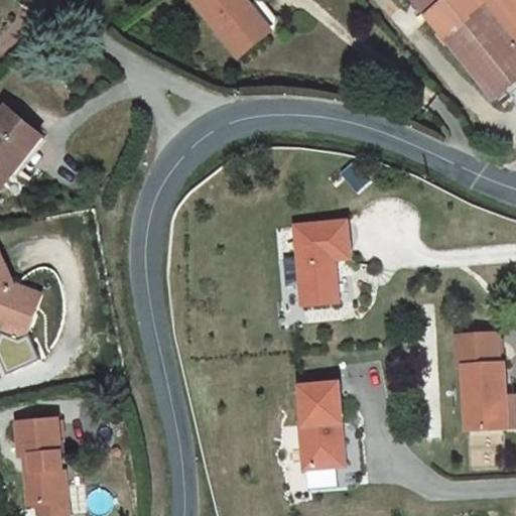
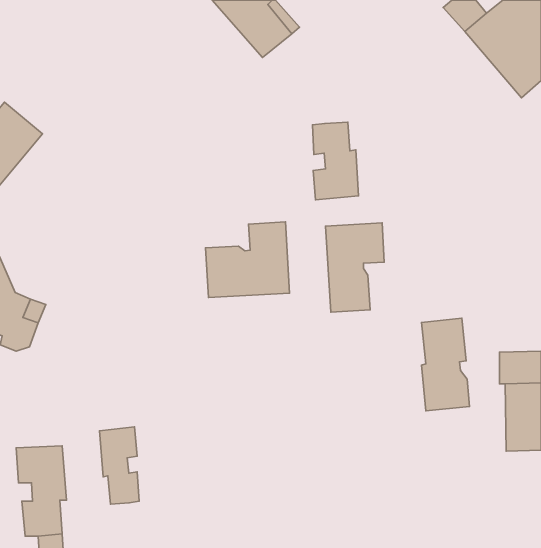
building: none -> [313,122,359,200]
building: none -> [206,222,289,297]
building: [299,381,344,467] -> [421,318,469,411]
building: none -> [99,427,139,504]

